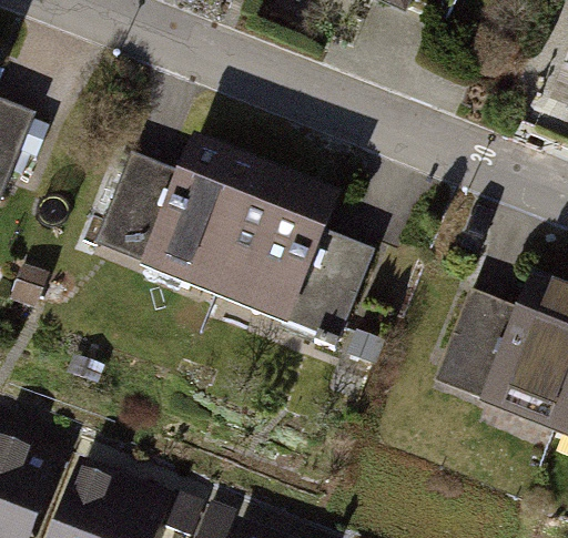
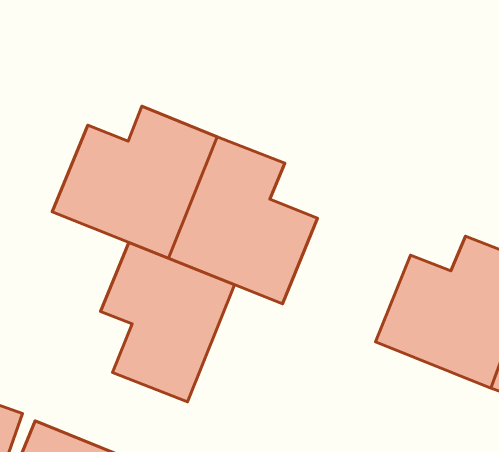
building: none -> [101,242,235,402]

